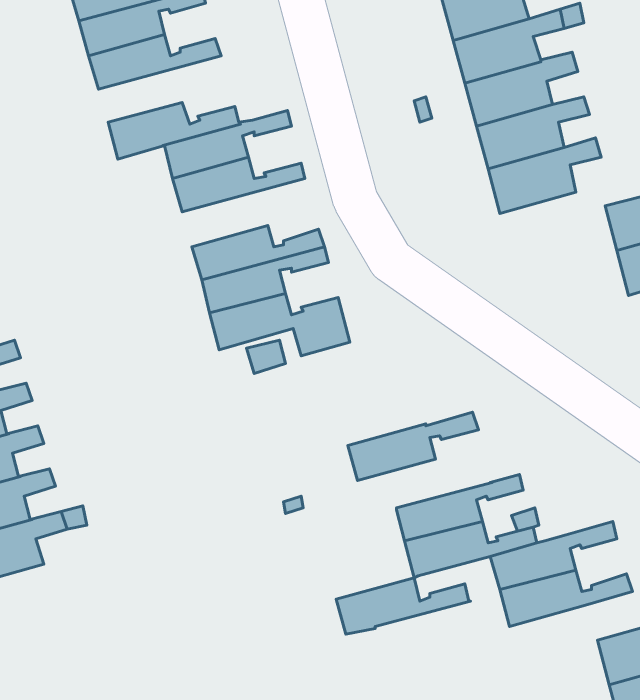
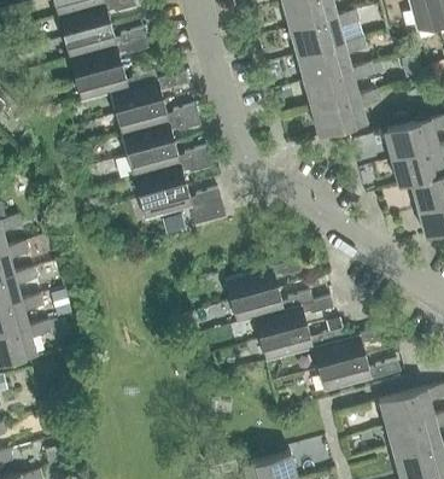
building: none -> [70,39,148,80]
building: none -> [122,115,200,157]
building: [336,578,471,634] -> [230,288,314,323]

